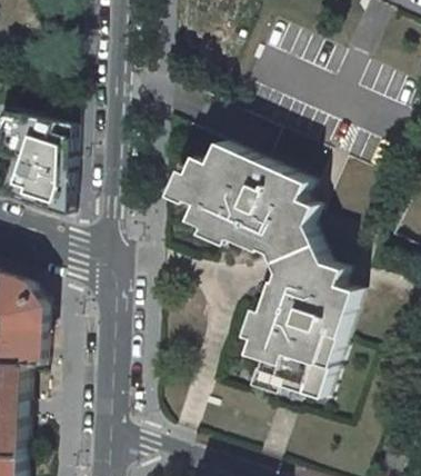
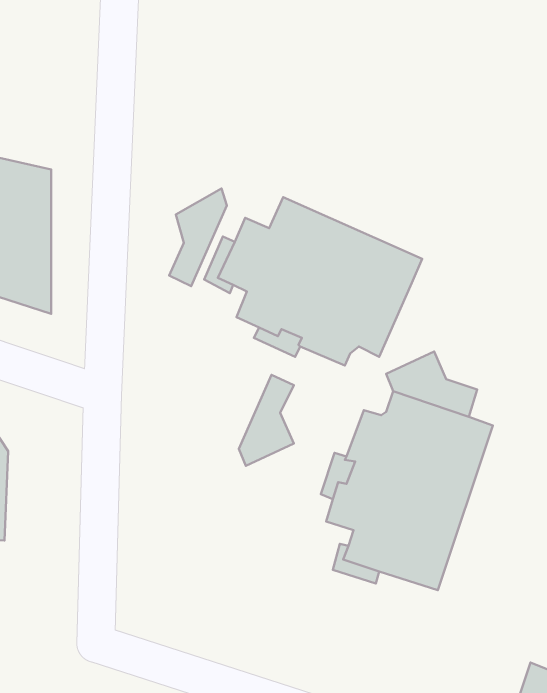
building: none -> [169,189,227,286]
building: [278,197,313,256] -> [239,375,294,466]

